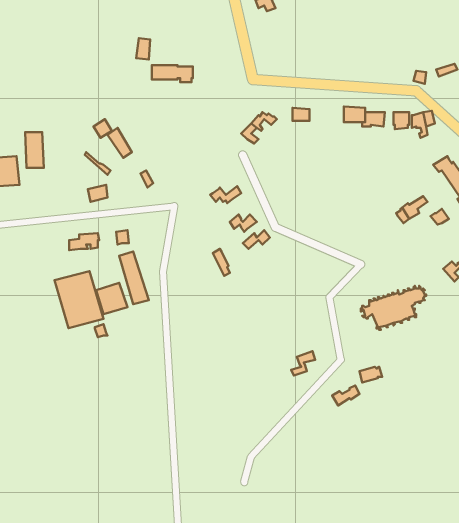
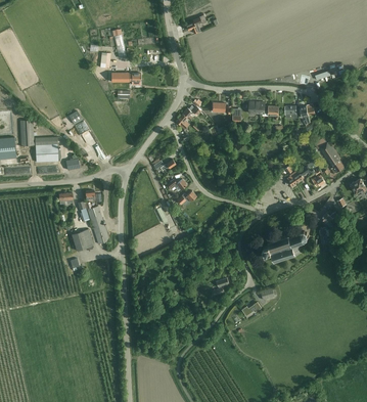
building: none -> [35,136,58,162]
building: [55,271,104,328] -> none

